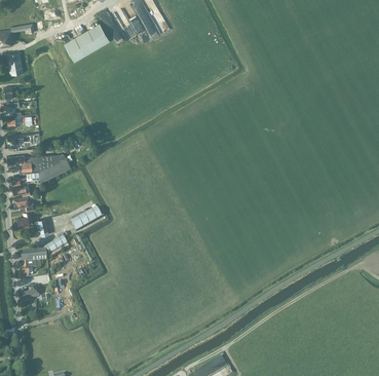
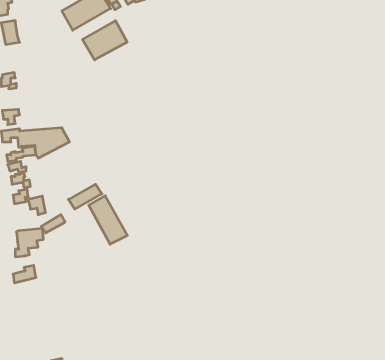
building: none -> [83,21,127,60]
building: none -> [89,196,127,244]

